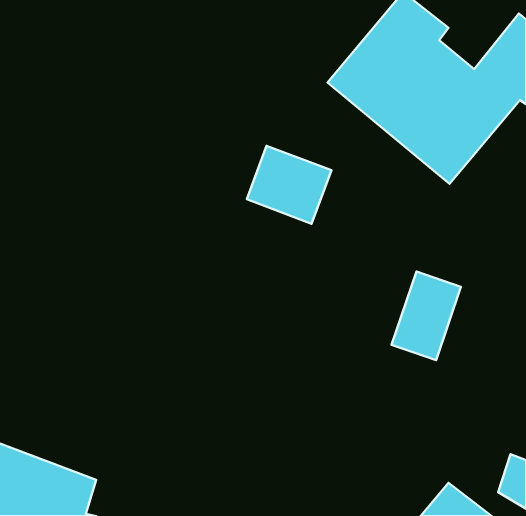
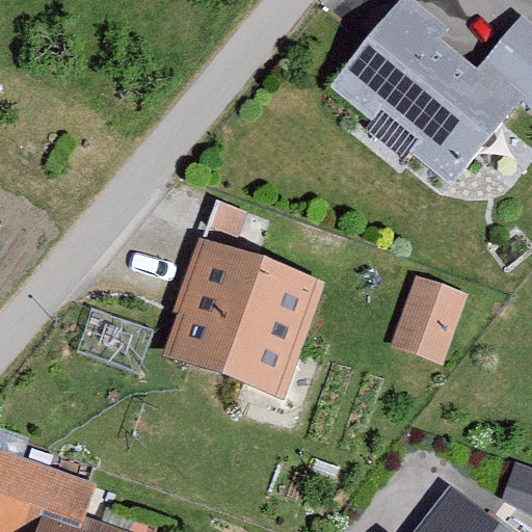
building: [247,146,331,224] -> none
building: none -> [160,237,325,399]

